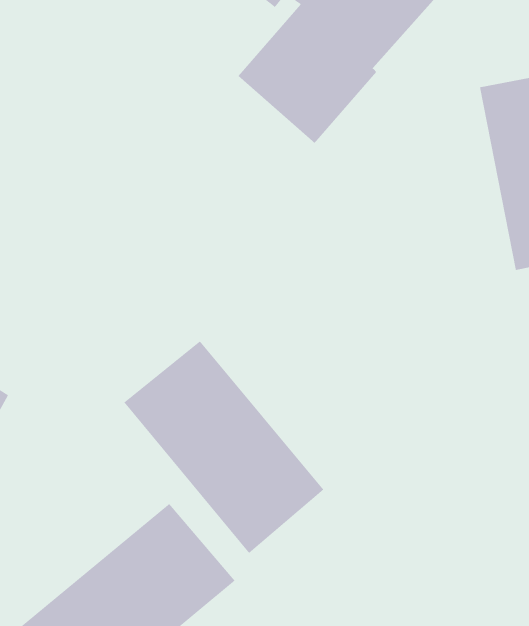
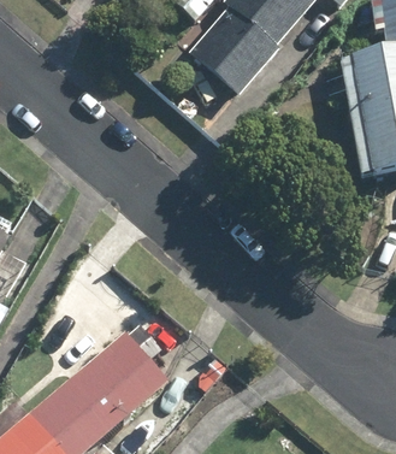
building: [123,340,324,554] -> none

